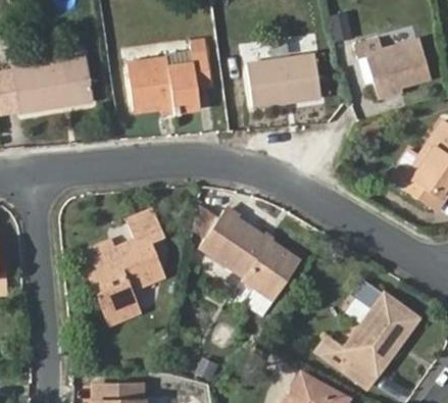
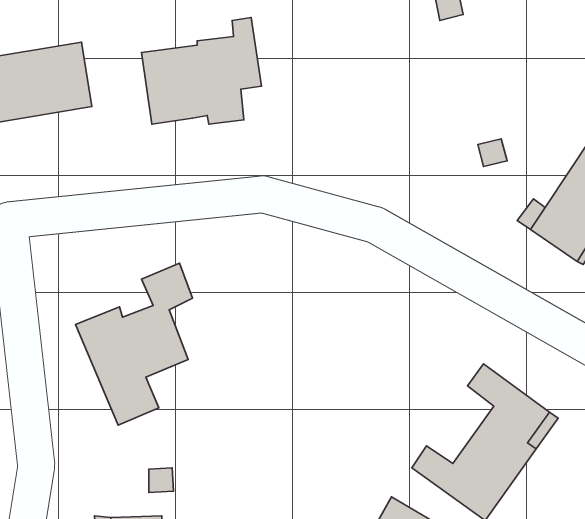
building: [354,37,430,96] -> none
building: [248,53,321,107] -> none
building: [200,209,300,299] -> none

